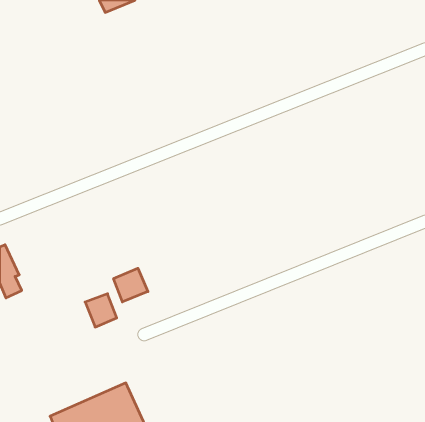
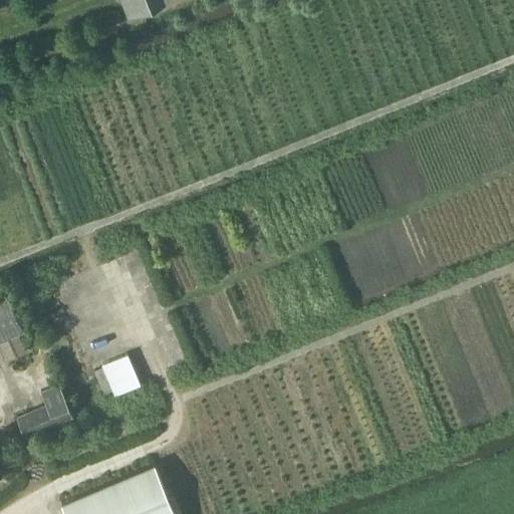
building: [114,268,148,302] -> none
building: none -> [15,387,71,439]

